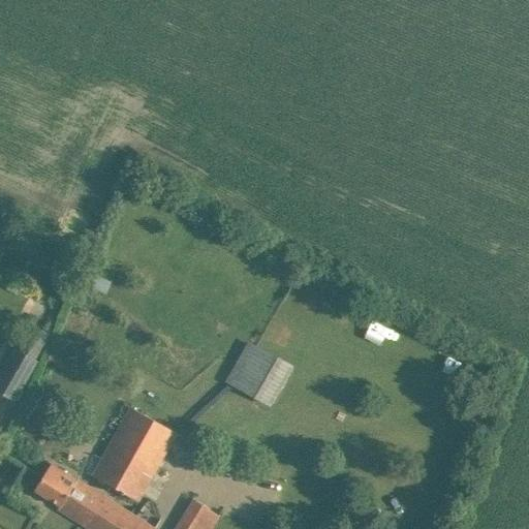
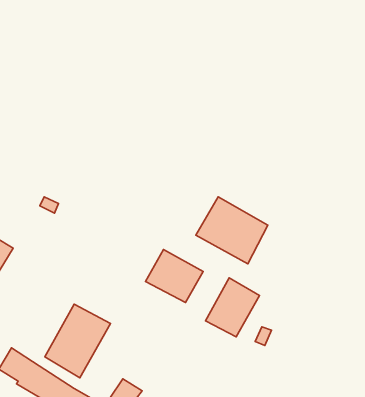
building: none -> [196,197,268,264]
building: none -> [205,278,259,337]

